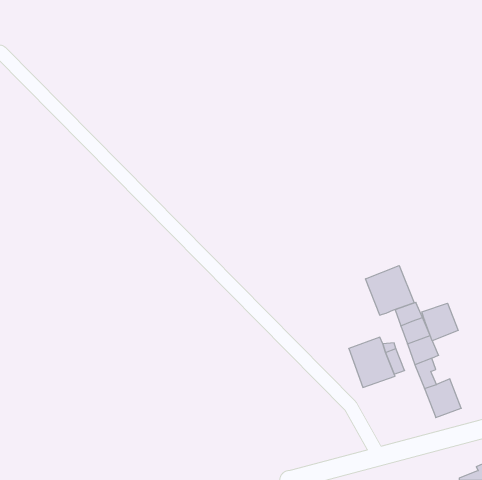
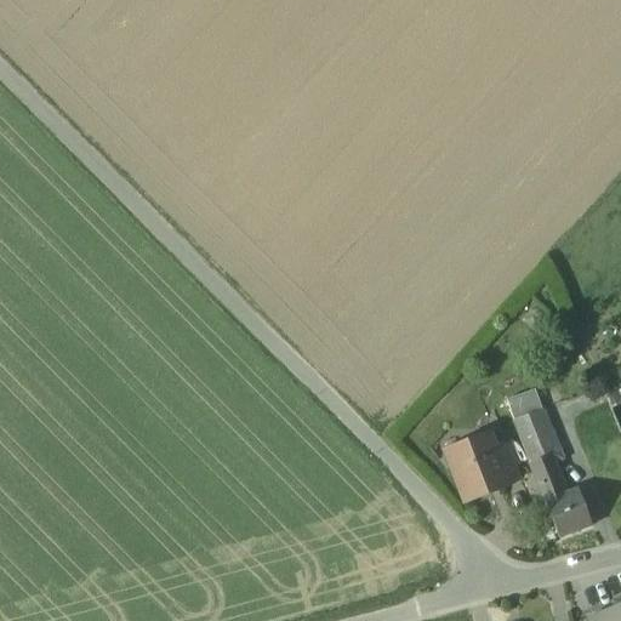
building: [366,266,414,315] -> none
building: [422,303,458,341] -> none

